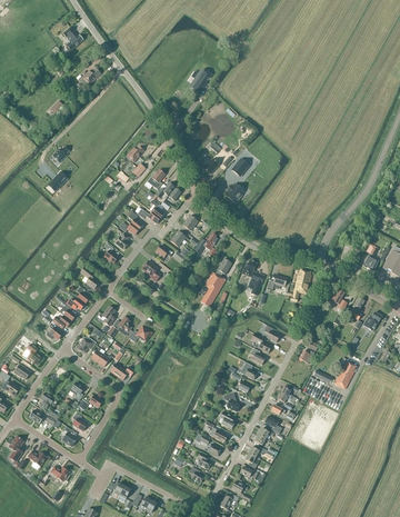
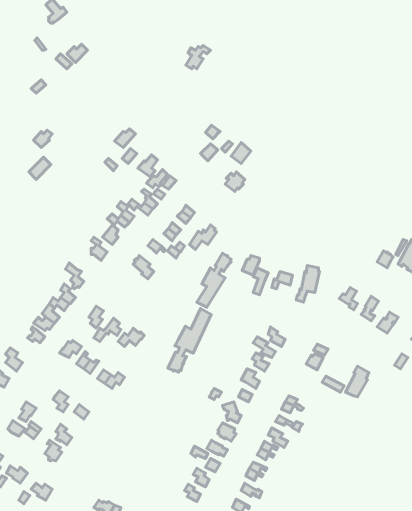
building: none -> [168,309,211,372]

